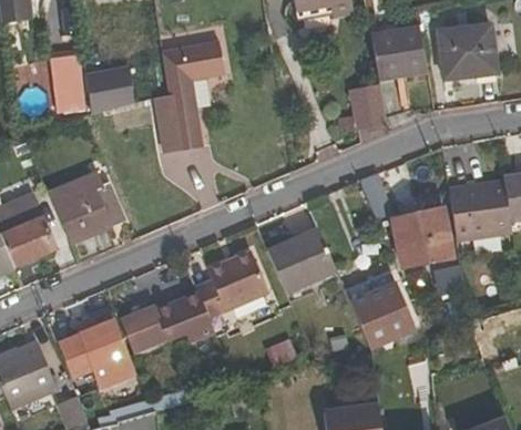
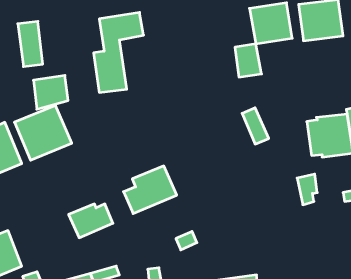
building: [86,69,134,115] -> [33,75,68,109]
building: [392,206,451,268] -> none
building: [267,226,337,293] -> none
building: [345,280,412,344] -> none
building: [171,291,215,339] -> none
building: [60,318,135,387] -> none

